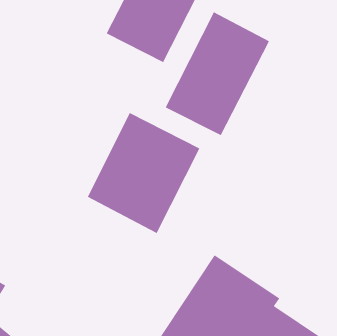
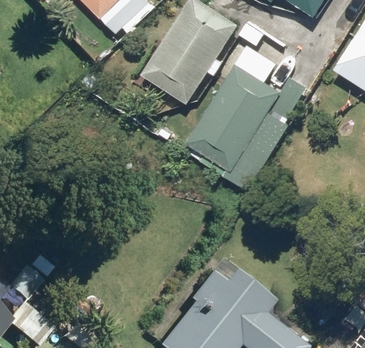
building: [87,112,200,234] -> none

